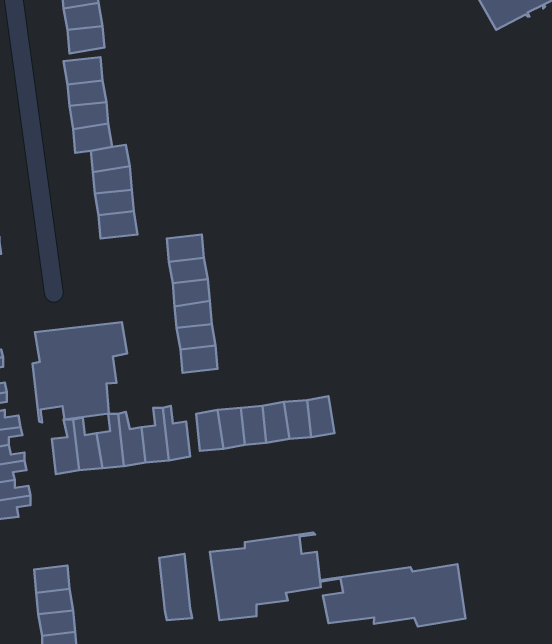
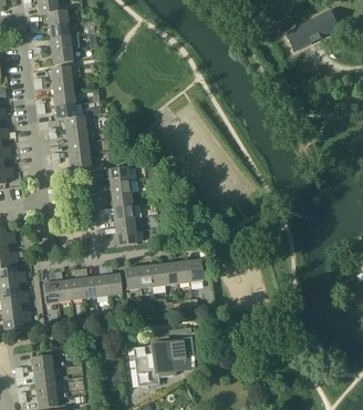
building: [33,322,127,423] -> none
building: [320,564,465,627] -> none

